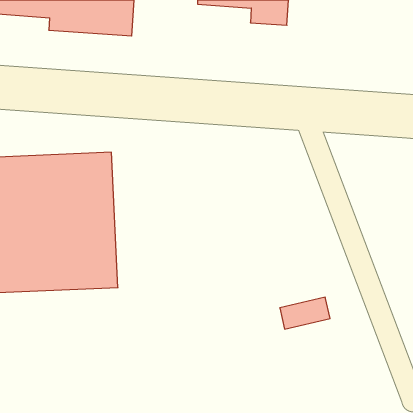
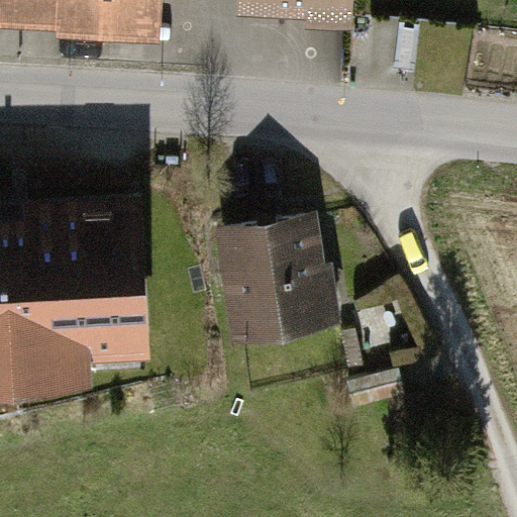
building: none -> [215,210,330,340]

